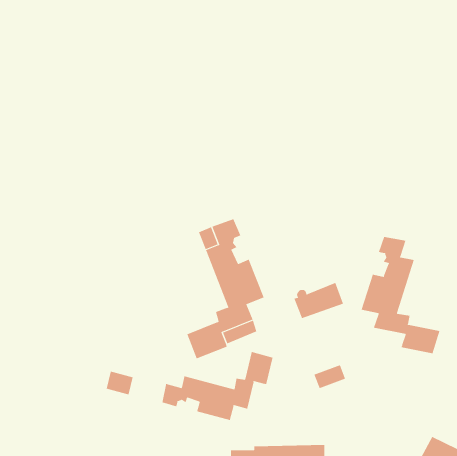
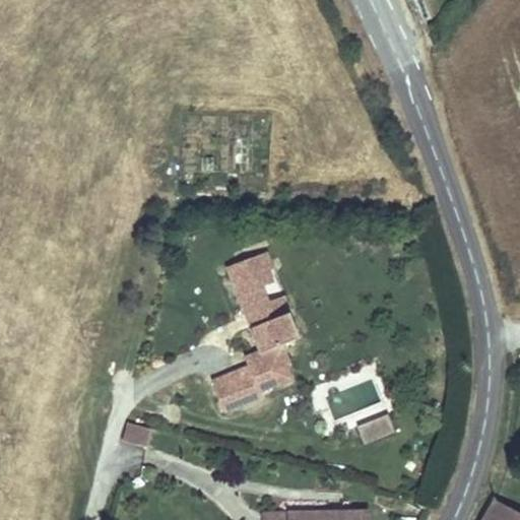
building: [361,236,440,354] -> none
building: [294,282,344,319] -> [323,381,380,422]
building: [162,351,273,421] -> none

